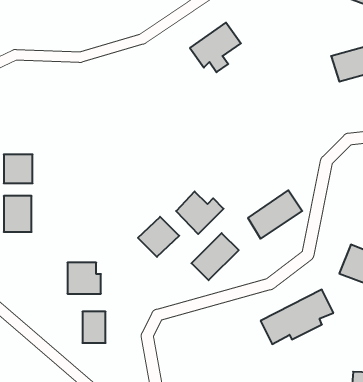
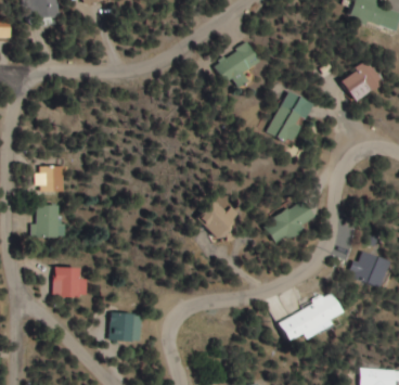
building: none -> [268,90,313,143]
building: [138,217,179,257] -> none
building: [191,233,239,280] -> none
building: [67,263,101,294] -> [53,267,85,296]

